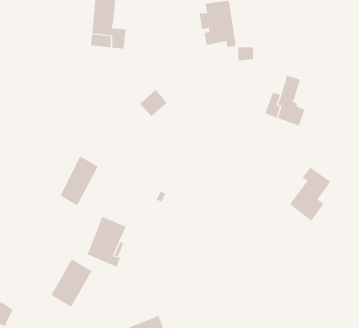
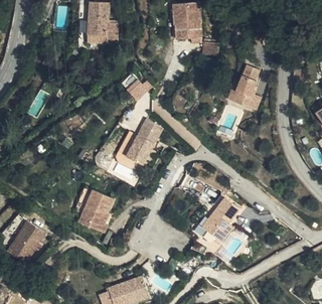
building: [60,156,99,206] -> [126,122,159,165]
building: [289,167,331,222] -> [200,196,236,244]
building: [50,258,93,308] -> [6,221,42,264]

